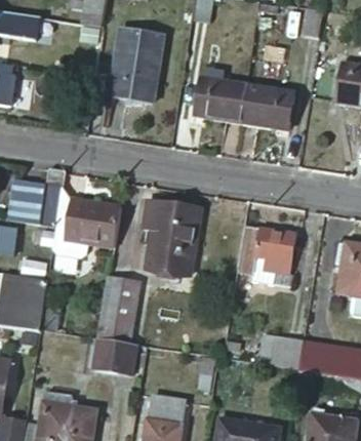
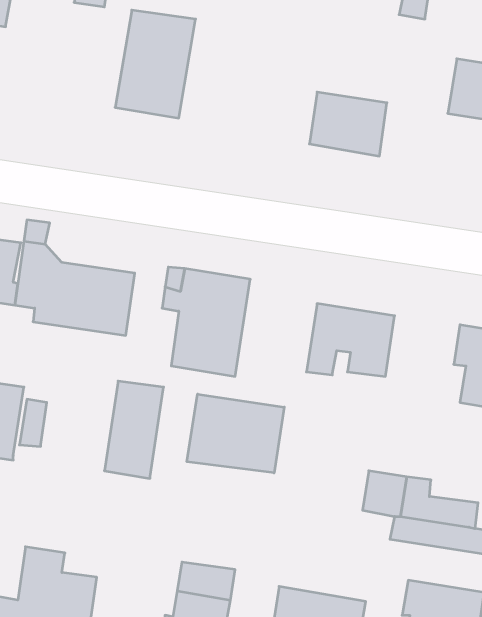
building: [192,65,245,118] -> none
building: none -> [187,394,284,473]
building: [93,337,137,375] -> none

